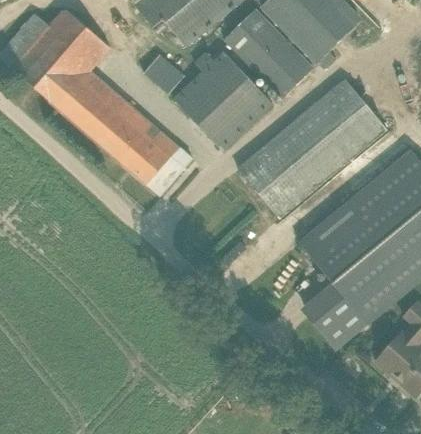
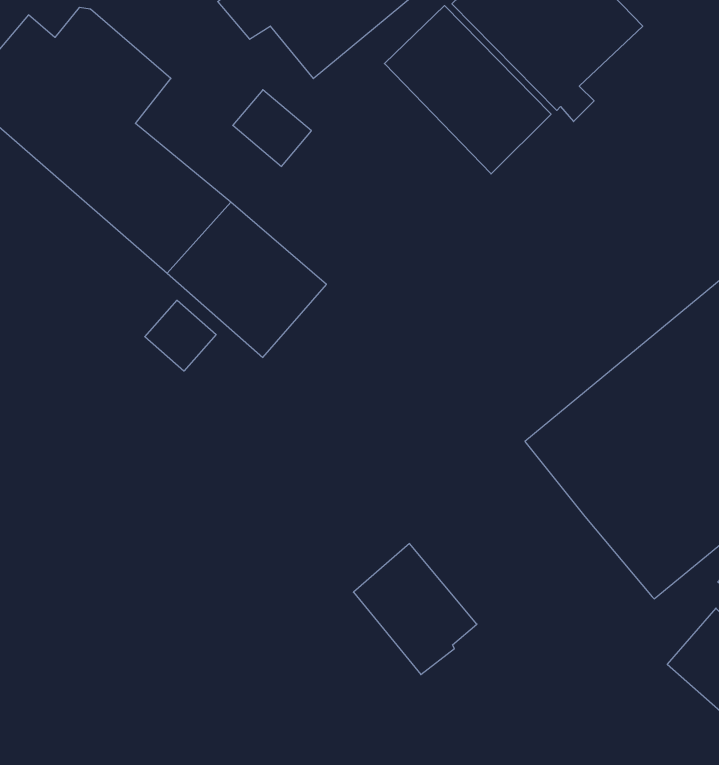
building: [171,50,272,151] -> none
building: [238,79,385,217] -> none
building: none -> [145,300,216,371]
building: [300,281,366,351] -> [353,544,477,675]

